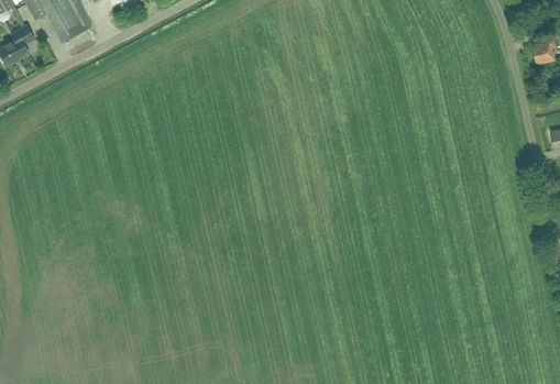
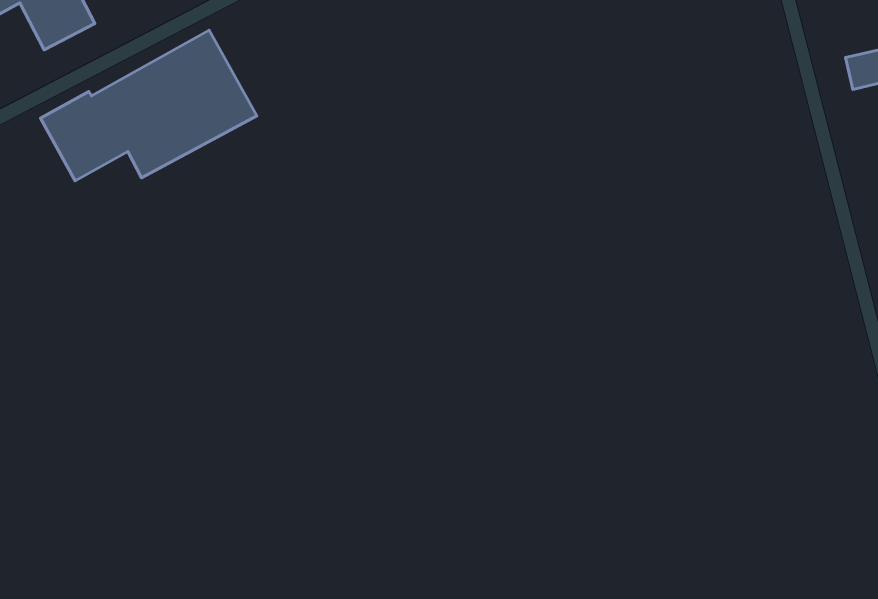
building: none -> [40,30,257,181]

